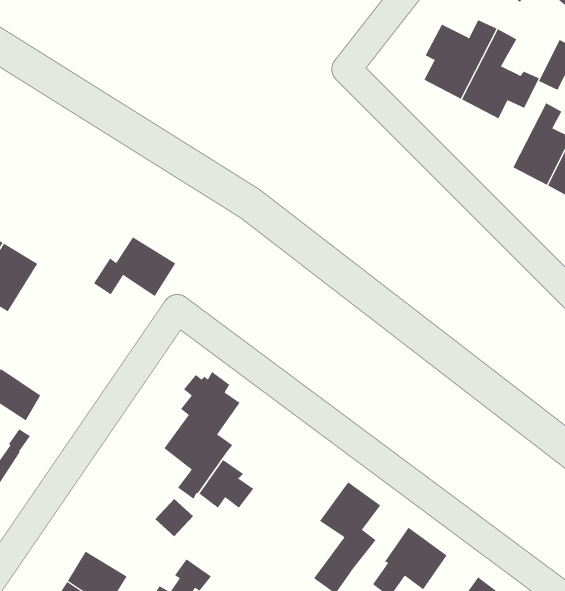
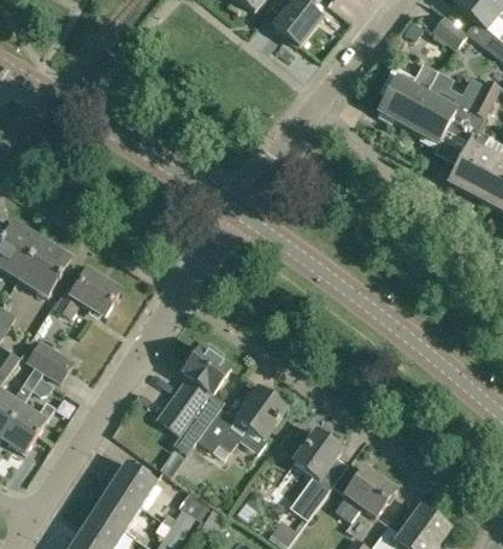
building: [93,236,176,297] -> [55,268,122,317]
building: none -> [236,388,285,439]
building: none -> [107,460,156,506]

